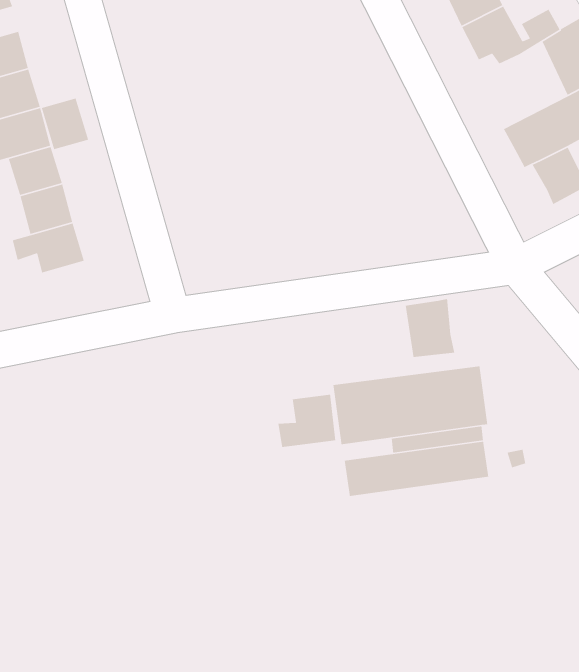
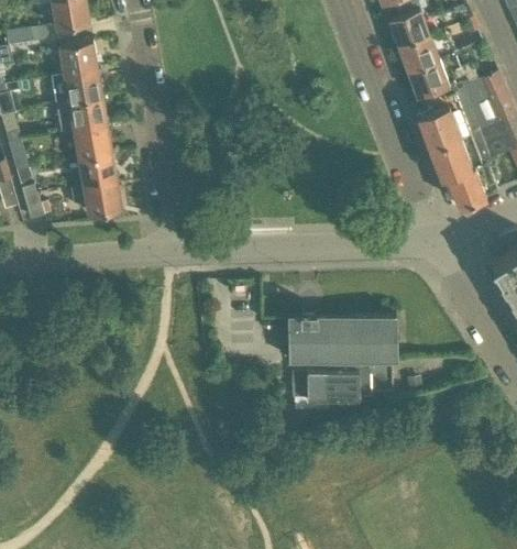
building: none -> [417,89,477,149]
building: [41,97,89,150] -> none
building: [405,298,455,358] -> none
building: [278,394,336,448] -> none

